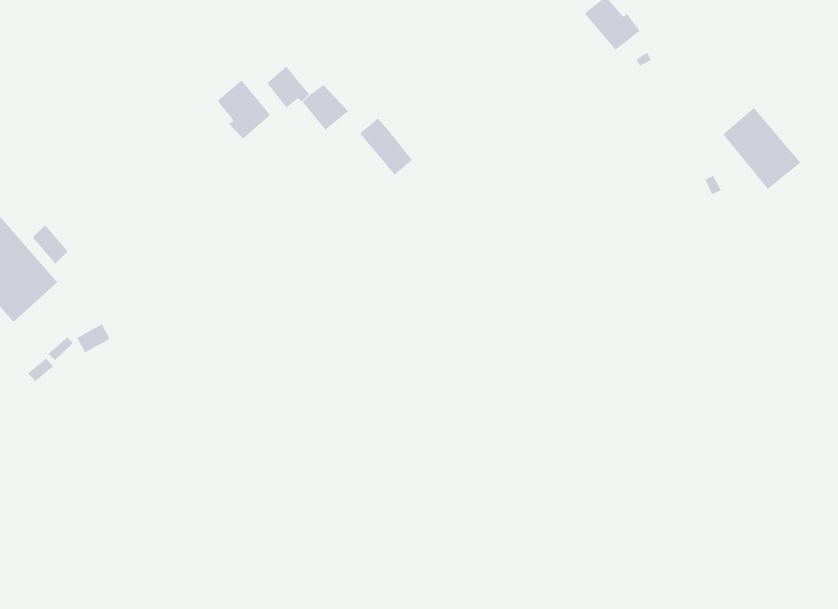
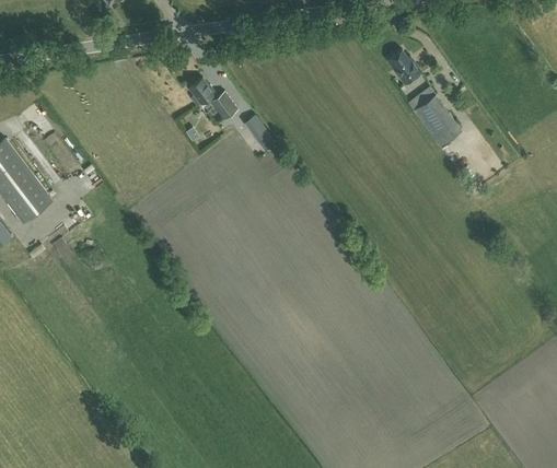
building: [217,79,271,140] -> none
building: [722,107,801,190] -> [414,94,461,145]

